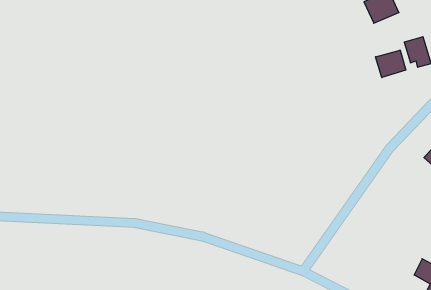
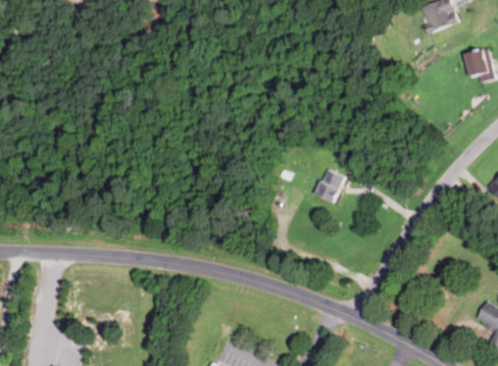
building: [376,50,406,78] -> none
building: none -> [314,169,344,203]

